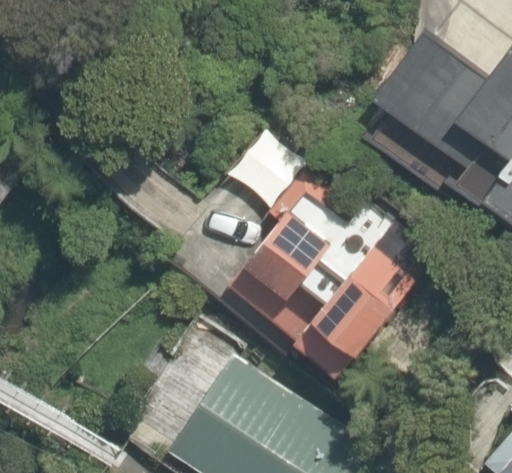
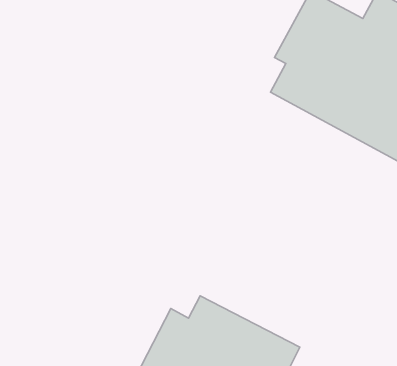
building: [227,195,414,361] -> none

